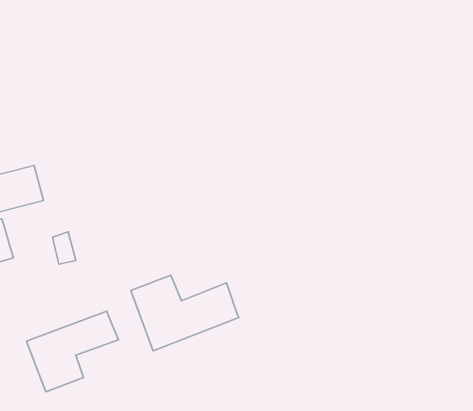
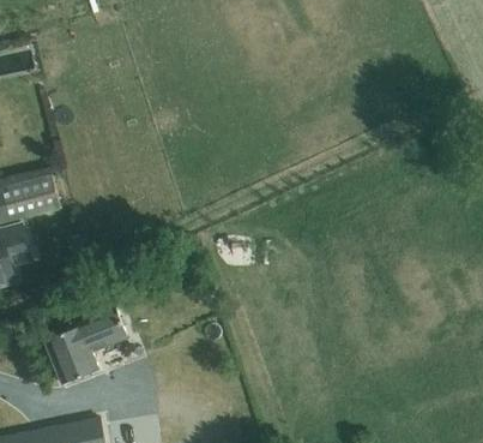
building: [131,275,239,351] -> none

